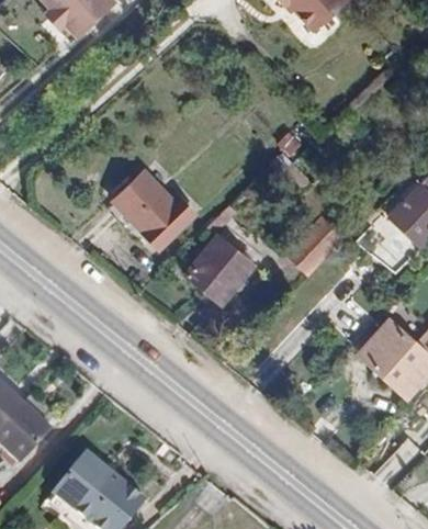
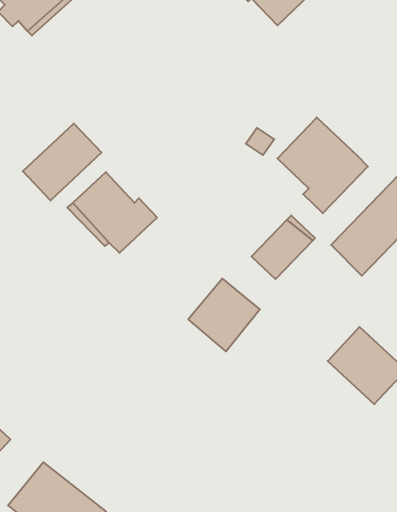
building: none -> [277,117,368,213]
building: none -> [23,123,101,201]
building: [184,233,254,303] -> [188,279,260,351]

